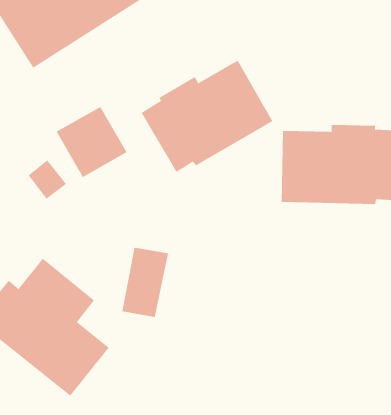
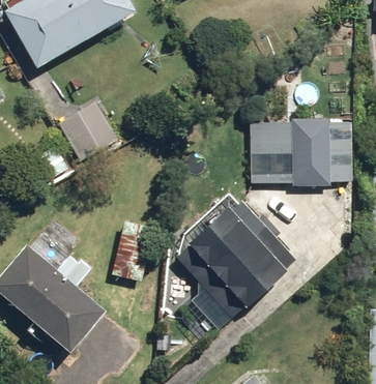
building: [141,60,273,173] -> none
building: none -> [175,205,299,338]

